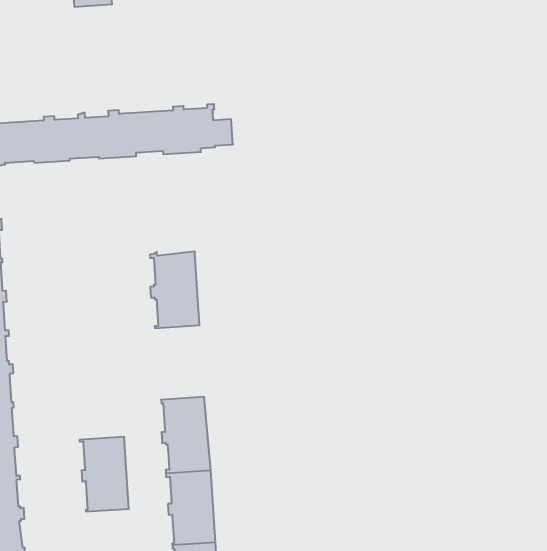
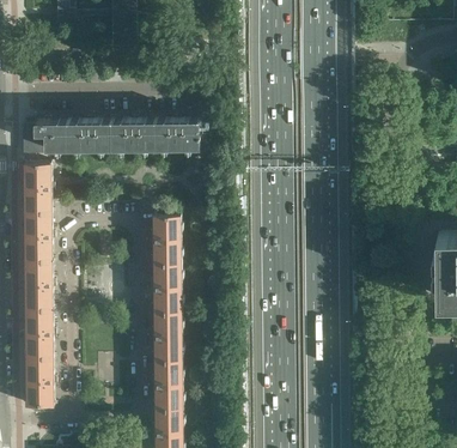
building: [79,437,129,512] -> [151,265,181,313]

